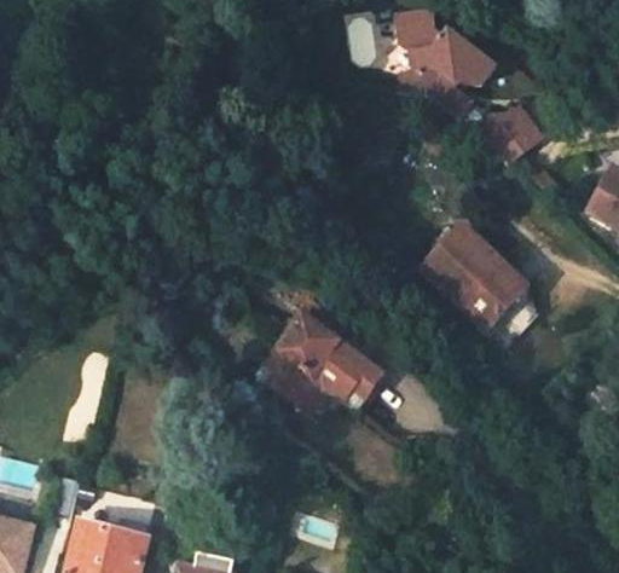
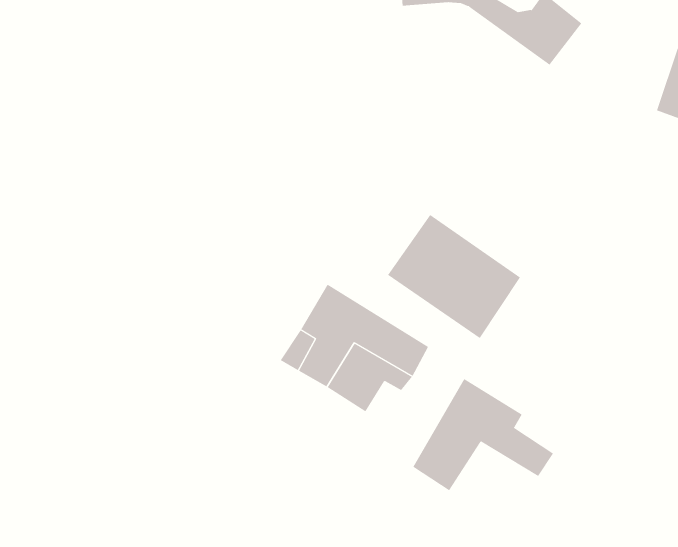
building: [423,225,530,331] -> [387,214,521,339]
building: none -> [412,378,554,491]

